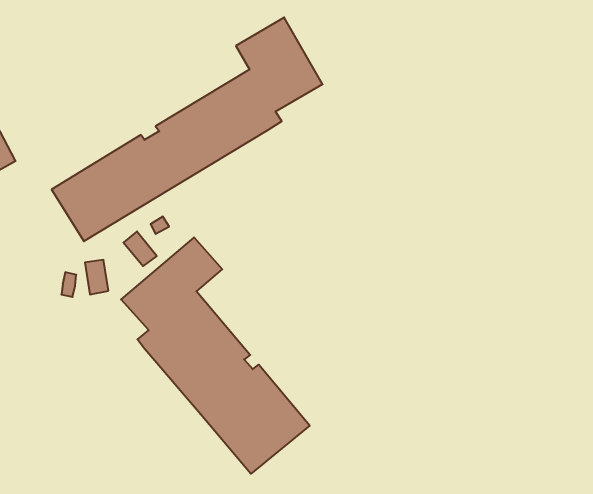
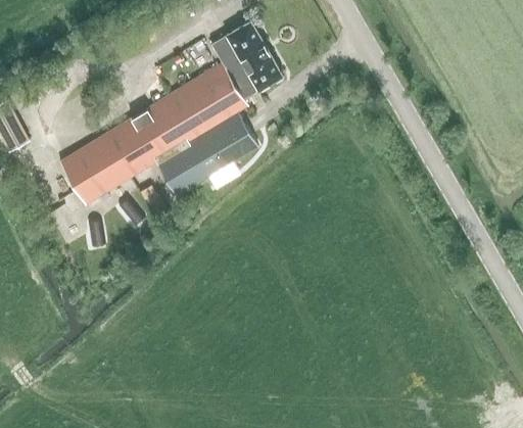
building: none -> [157,113,256,195]
building: [121,237,310,474] -> none

